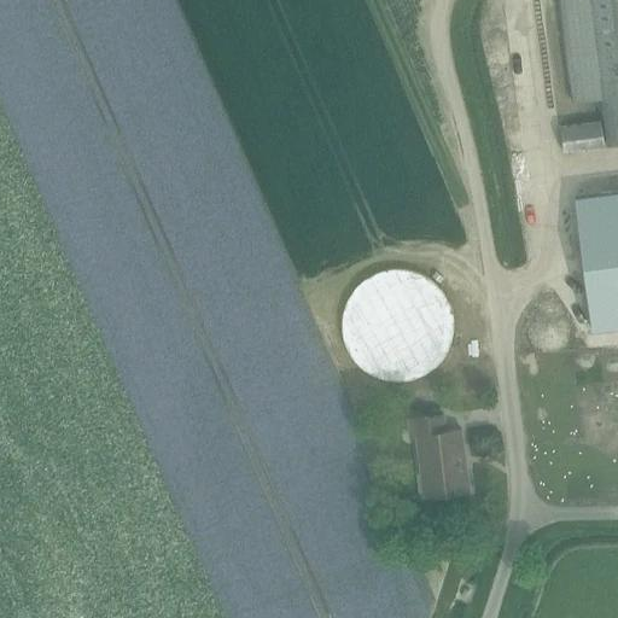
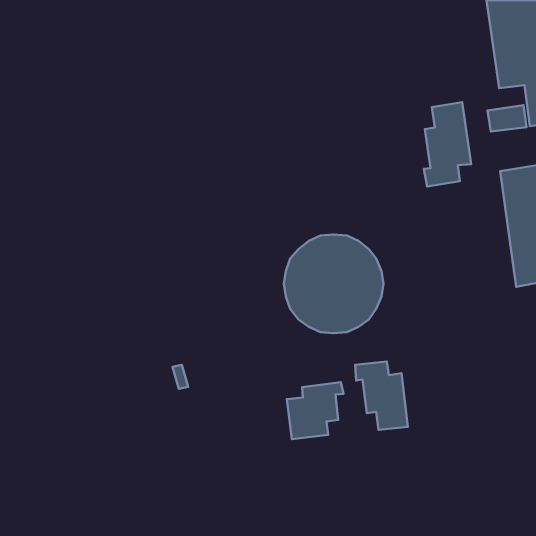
building: none -> [424,102,471,187]
building: none -> [287,382,343,439]

